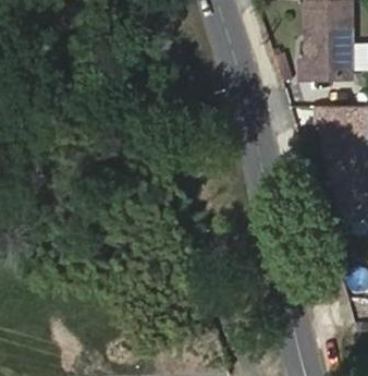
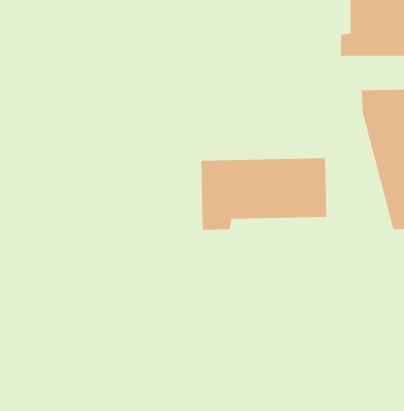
building: none -> [200,157,327,230]

